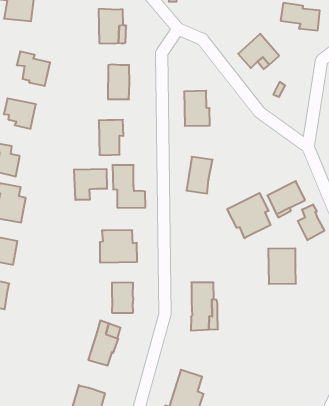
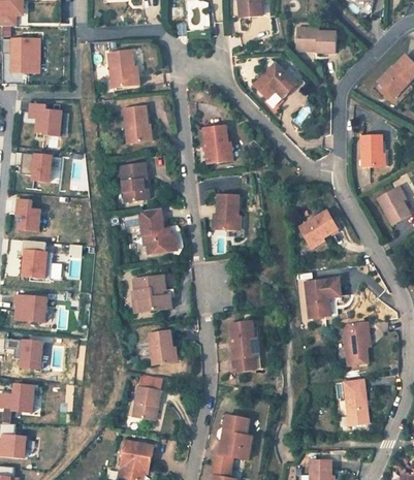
building: [74,169,107,200] -> none
building: [227,193,271,238] -> none
building: [298,204,324,240] -> none
building: none -> [342,320,369,364]
building: none -> [342,378,367,425]

